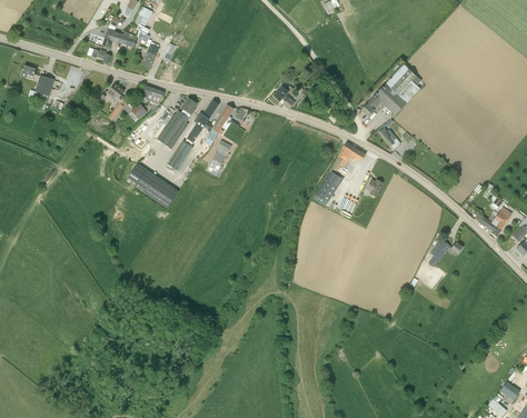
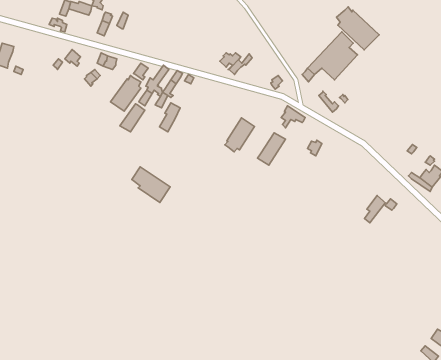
building: none -> [337,7,379,50]
building: none -> [225,118,254,152]
building: [138,169,179,207] -> [132,167,170,202]

